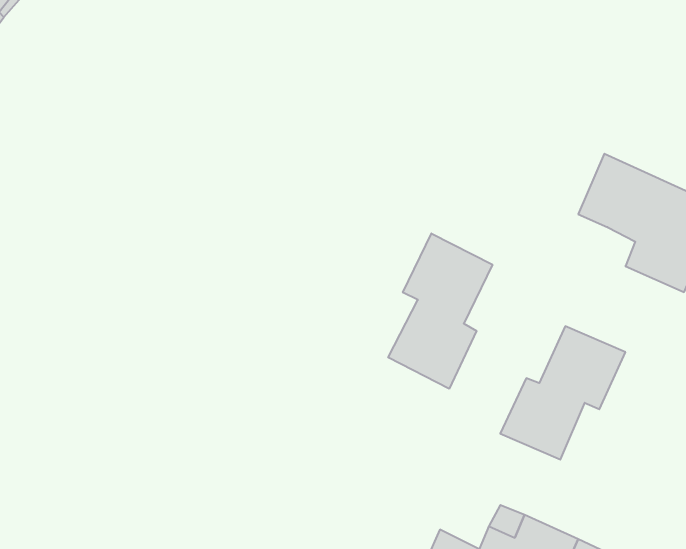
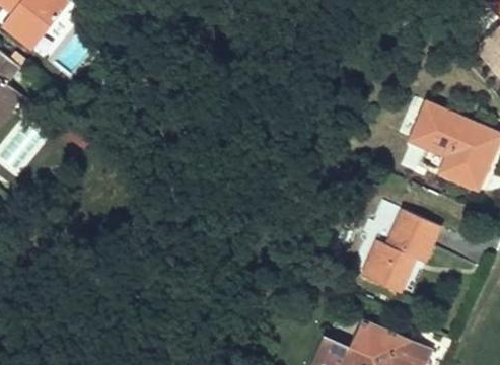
building: [388,233,492,389] -> none

